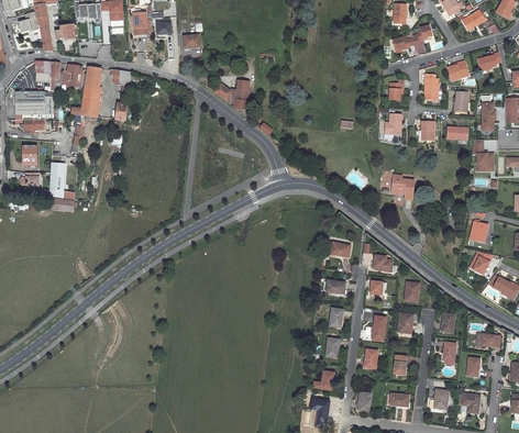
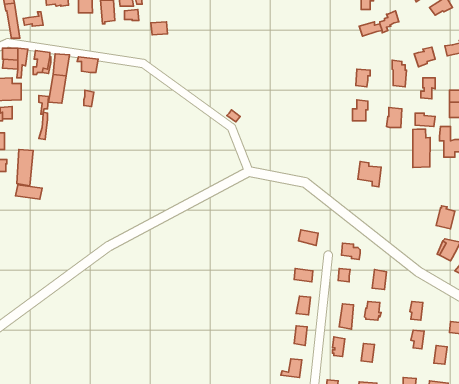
building: [214,79,250,109] -> none
building: none -> [413,129,430,168]

